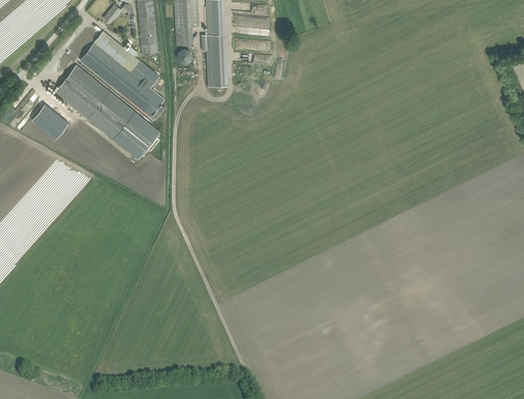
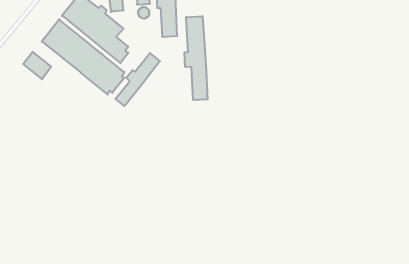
building: none -> [185,16,208,100]
building: none -> [115,53,160,106]

